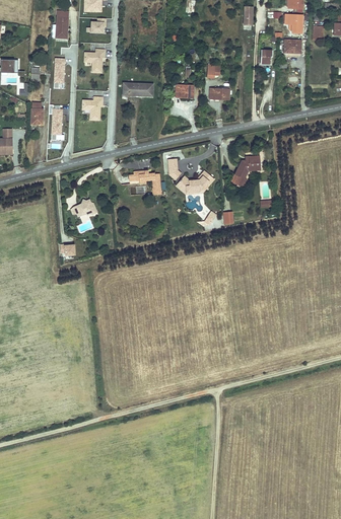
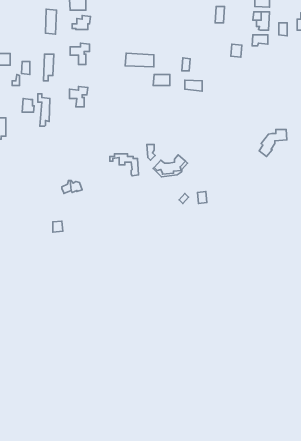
building: [123,82,154,97] -> [125,53,154,67]
building: [231,156,262,186] -> [259,130,287,156]

